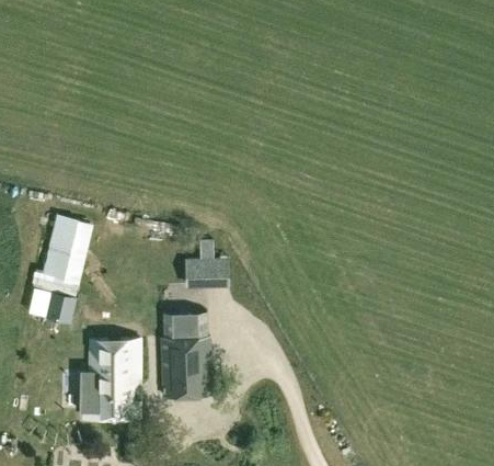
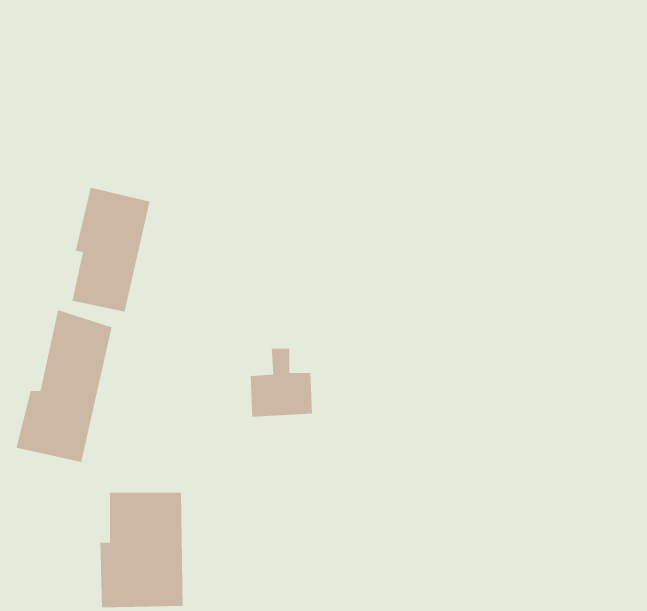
building: none -> [72,187,150,312]
building: [162,310,212,395] -> none

